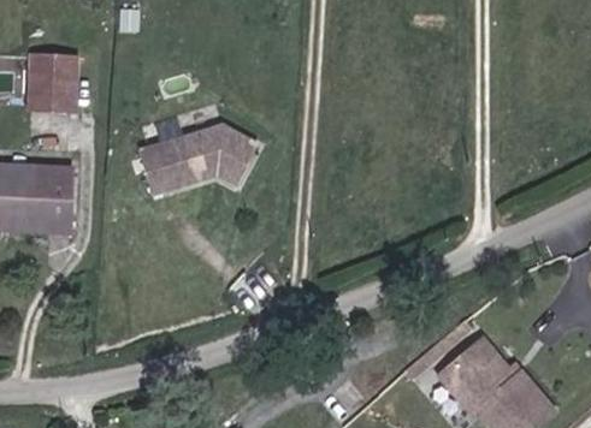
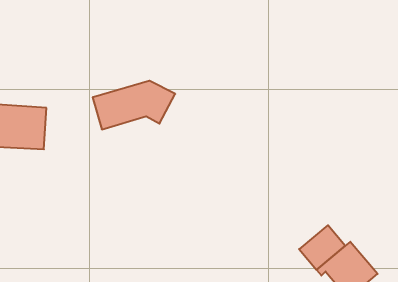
building: [32,54,77,109] -> none

